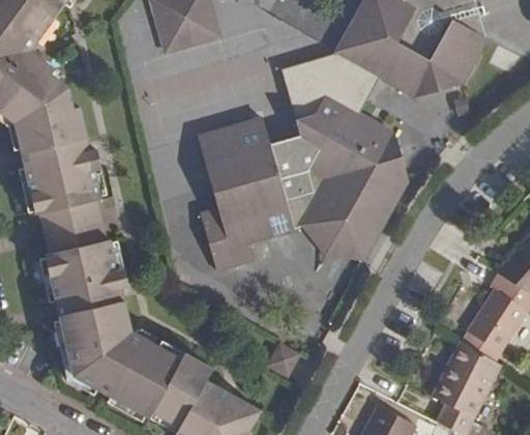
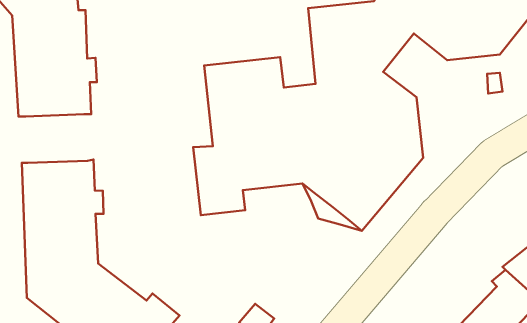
building: [41,200,105,253] -> none

